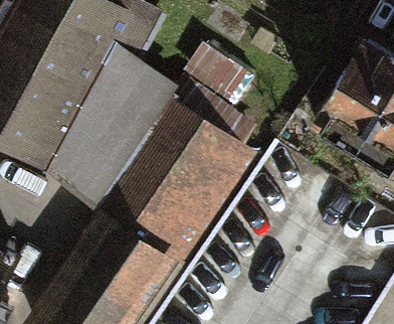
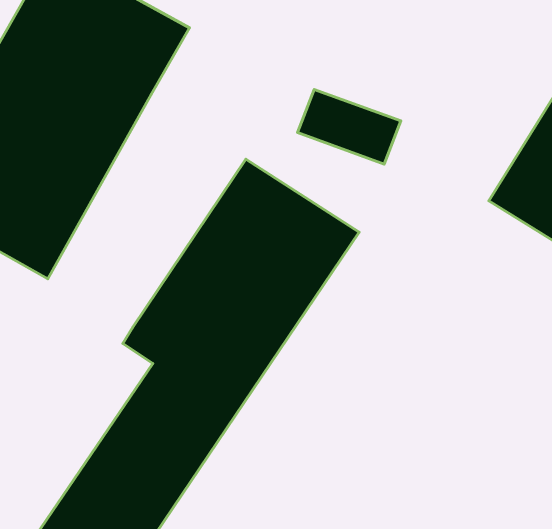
building: [54,59,174,200] -> none

